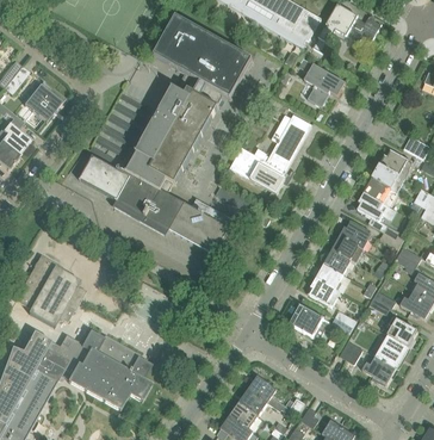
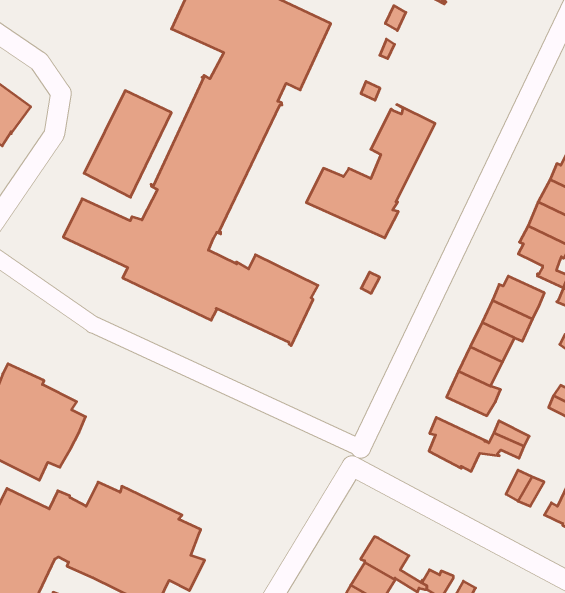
building: [304,64,345,106] -> none

